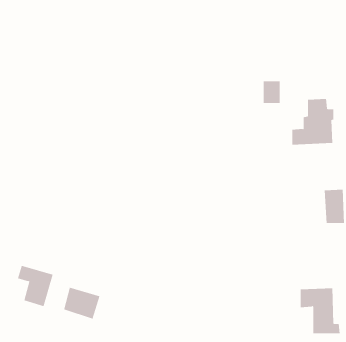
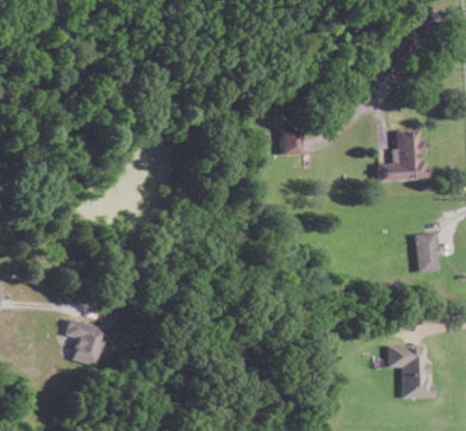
building: [263,81,281,104] -> [281,127,302,154]
building: [63,287,100,320] -> none

